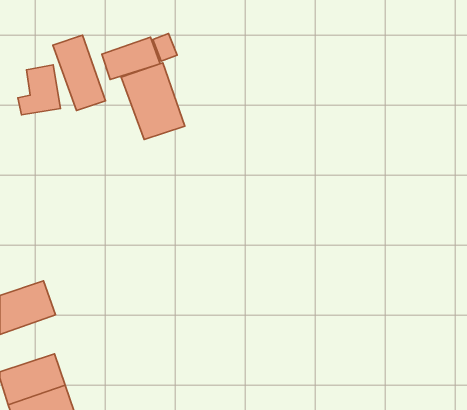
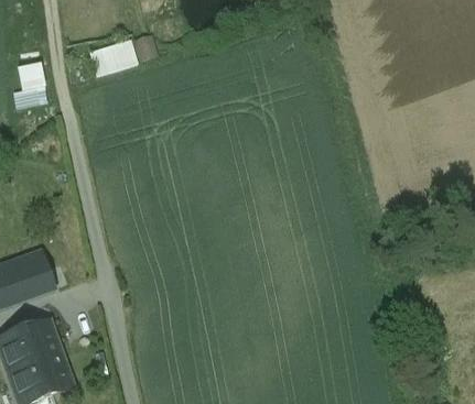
building: [53,35,106,110] -> none
building: [121,63,185,140] -> none

